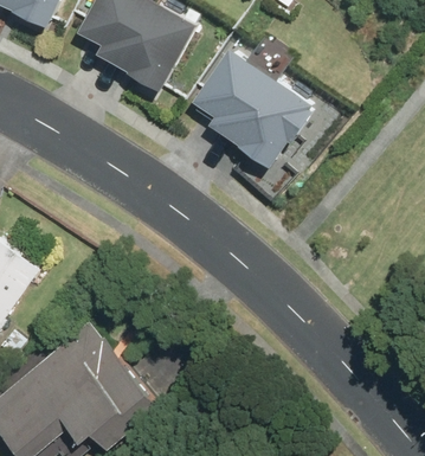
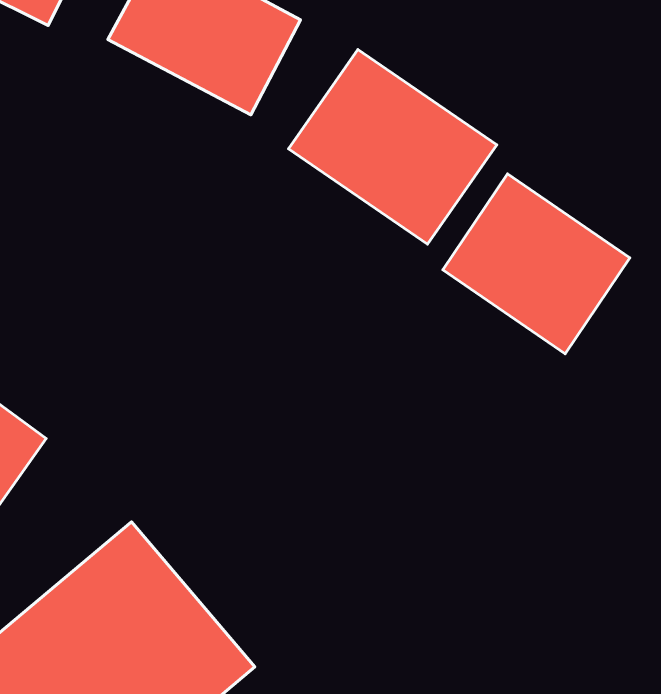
building: none -> [443,174,630,354]

